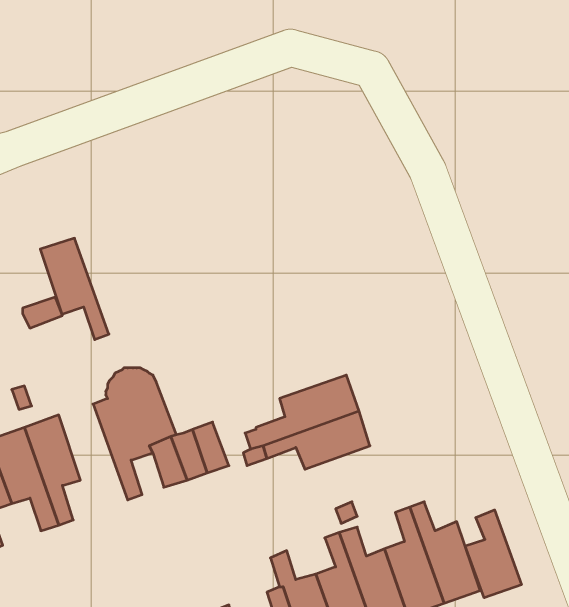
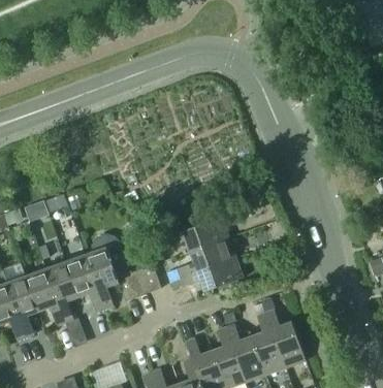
building: [40,238,109,340] -> [64,254,103,312]
building: none -> [166,217,228,251]
building: [465,510,521,598] -> none

